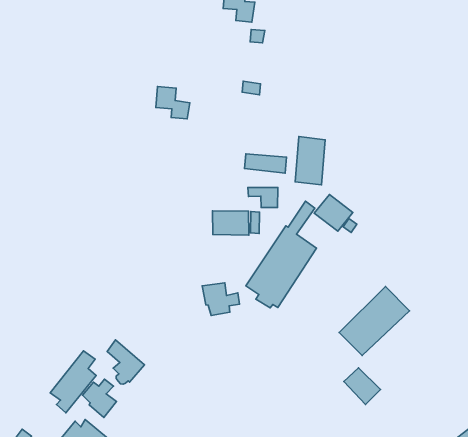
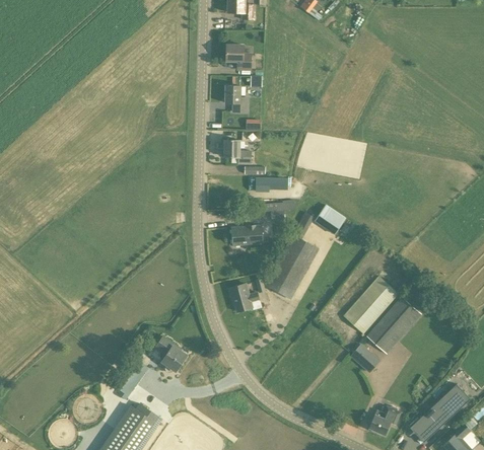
building: none -> [224,85,247,113]
building: [156,86,190,119] -> [223,140,251,164]
building: [295,137,325,185] -> none
building: none -> [365,296,421,355]
building: [83,379,116,418] -> none

